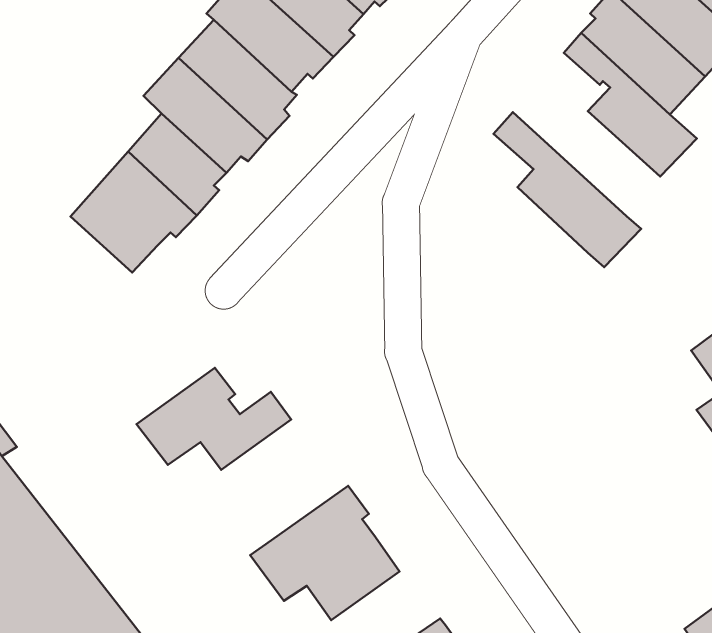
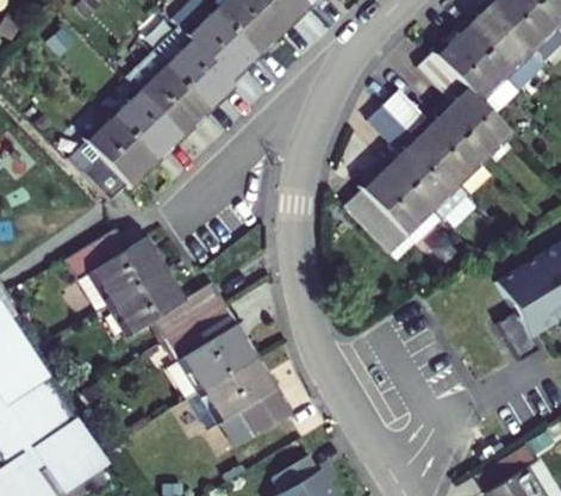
building: none -> [387,93,487,182]
building: none -> [349,157,434,247]
building: none -> [64,231,168,306]
building: none -> [168,310,256,393]

